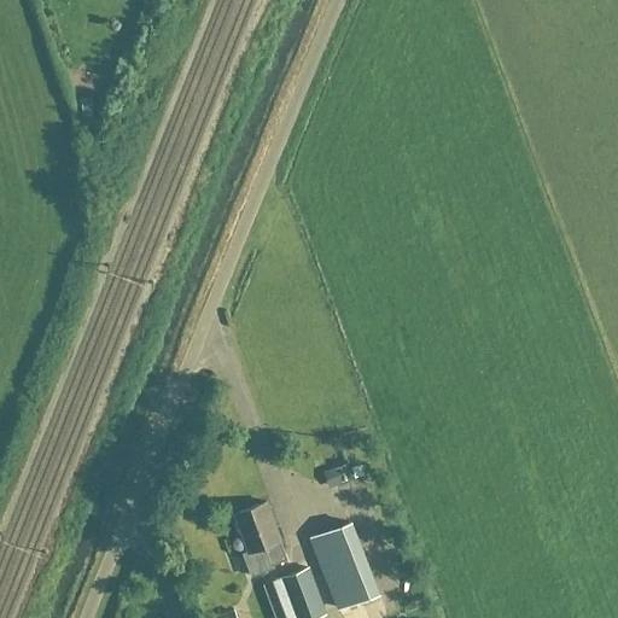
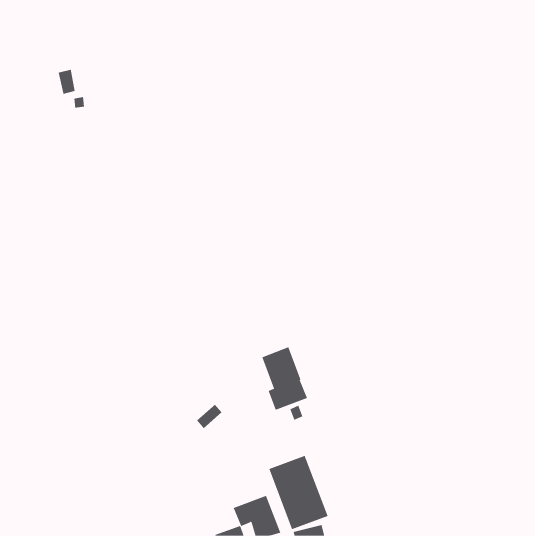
building: [234,503,287,577] -> [262,347,308,411]

